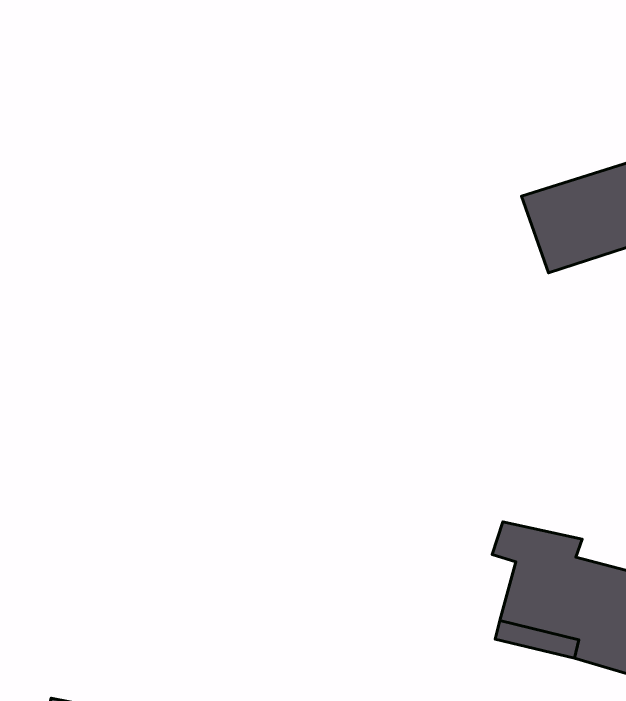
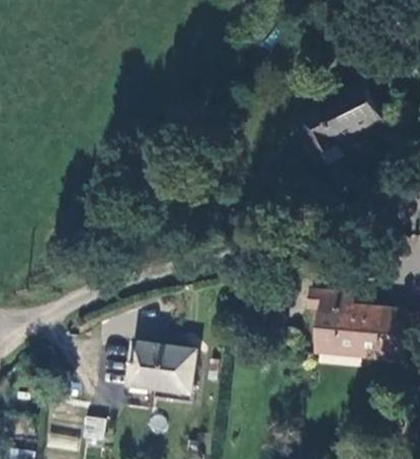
building: none -> [128,341,196,395]

